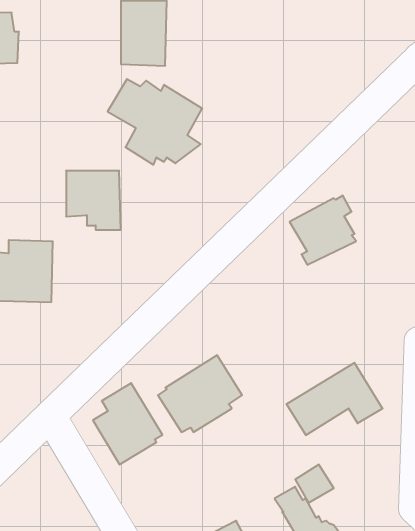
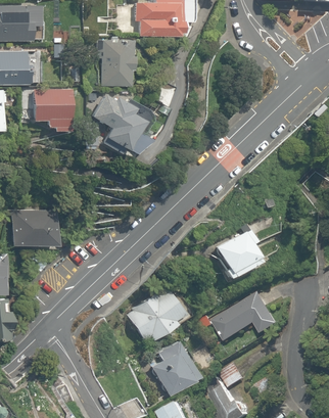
building: [66,171,121,230] -> [31,90,68,131]
building: [290,195,356,265] -> [213,229,258,277]
building: [93,383,162,464] -> [148,340,196,397]

